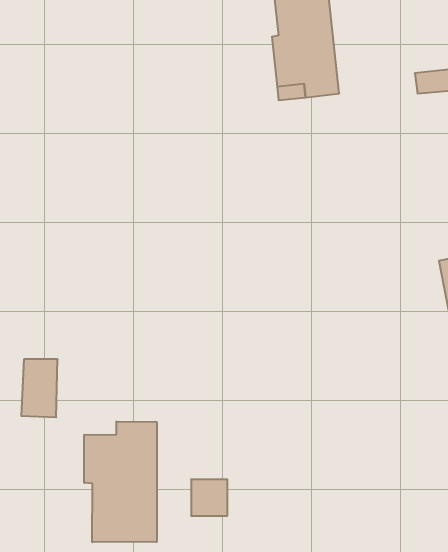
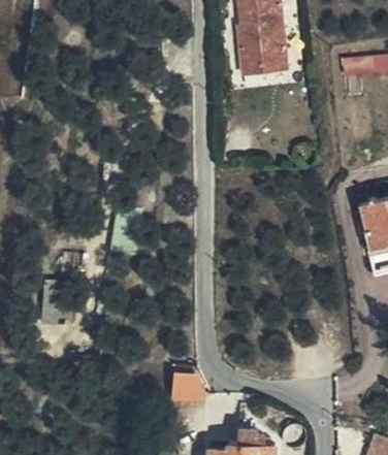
building: [84,421,157,542] -> none

